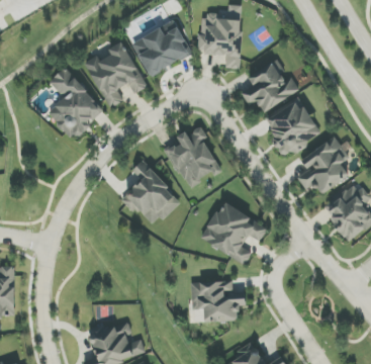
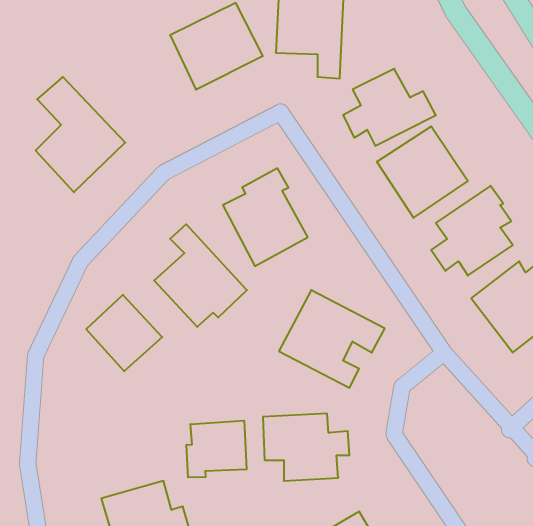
building: [85,40,147,107] -> none
building: none -> [86,295,162,371]
building: none -> [186,421,247,477]

